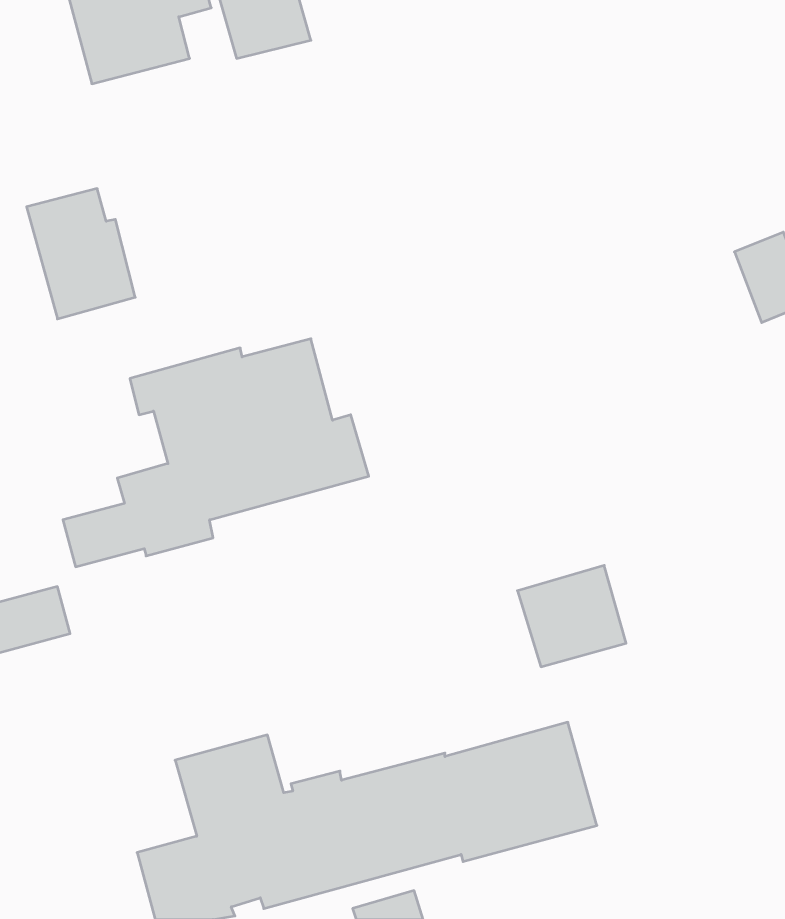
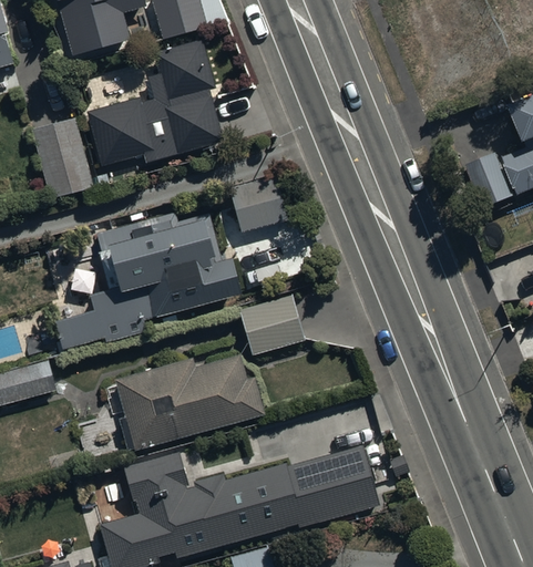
building: none -> [88,40,225,163]
building: none -> [229,173,289,233]
building: [517,565,626,667] -> [237,291,304,353]
building: none -> [116,358,265,456]

